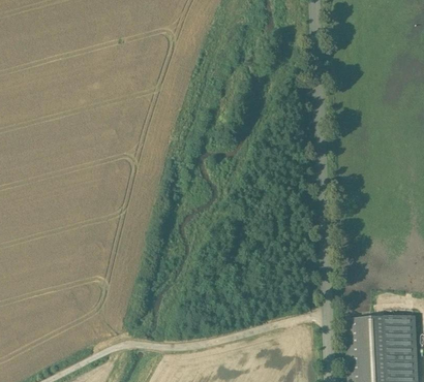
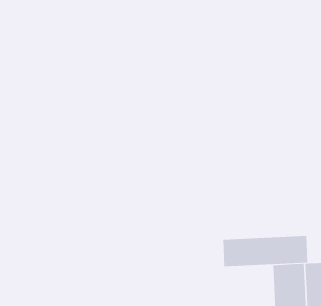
building: none -> [223,235,308,267]

